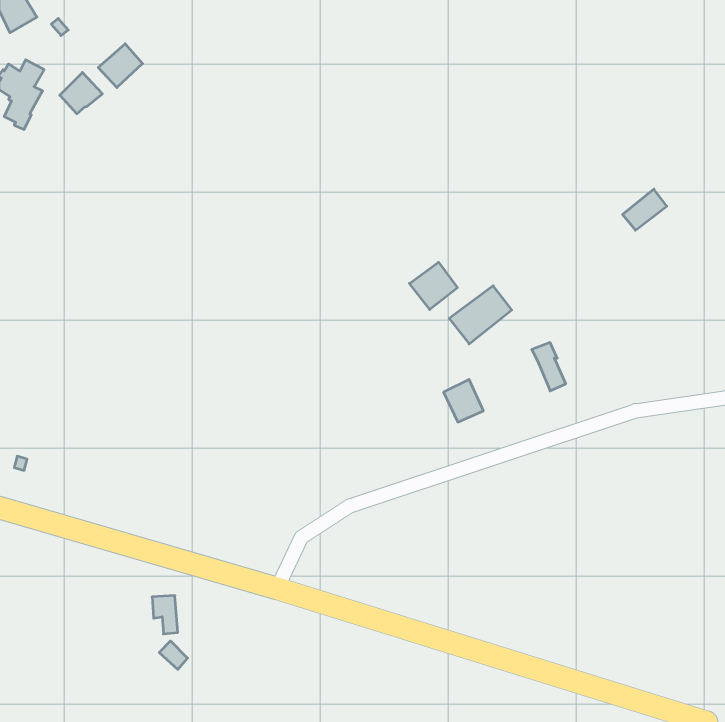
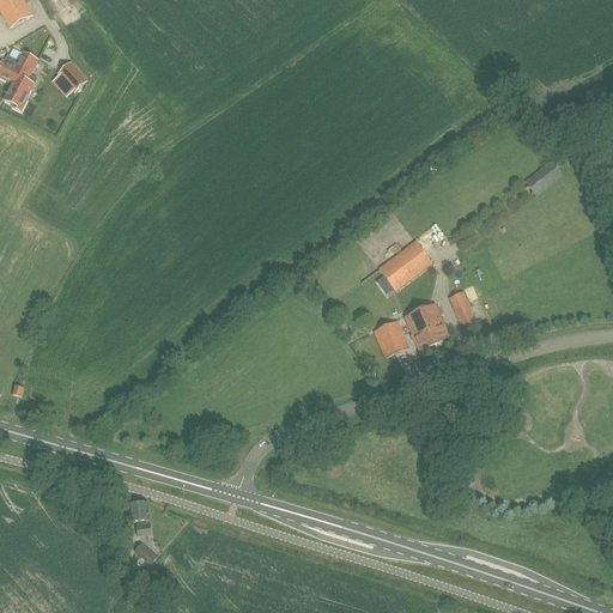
building: [98,44,143,88] -> none
building: [409,262,457,310] -> none
building: none -> [405,303,448,350]

